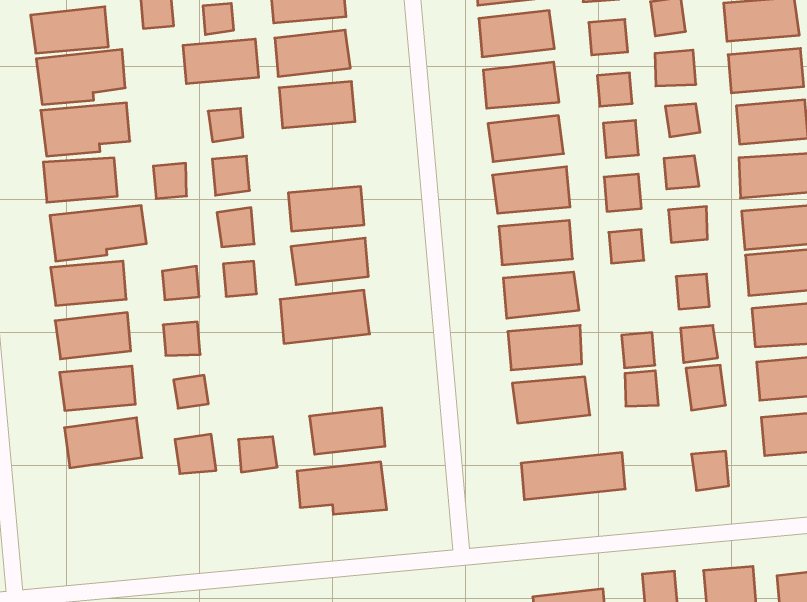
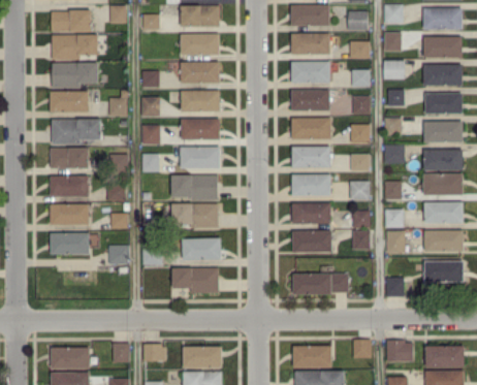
building: [183,39,259,84] -> [180,91,219,111]
building: none -> [349,181,369,200]
building: none -> [170,203,218,227]

